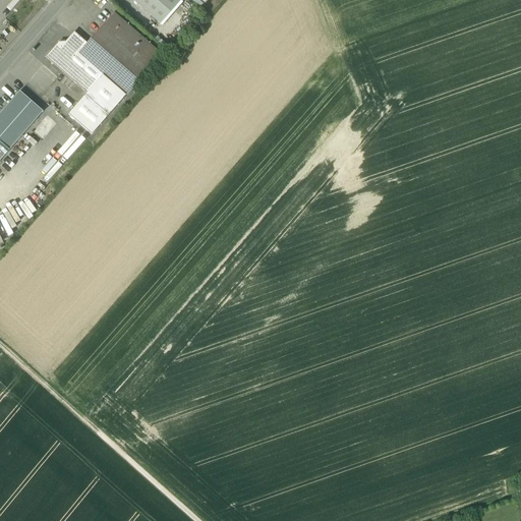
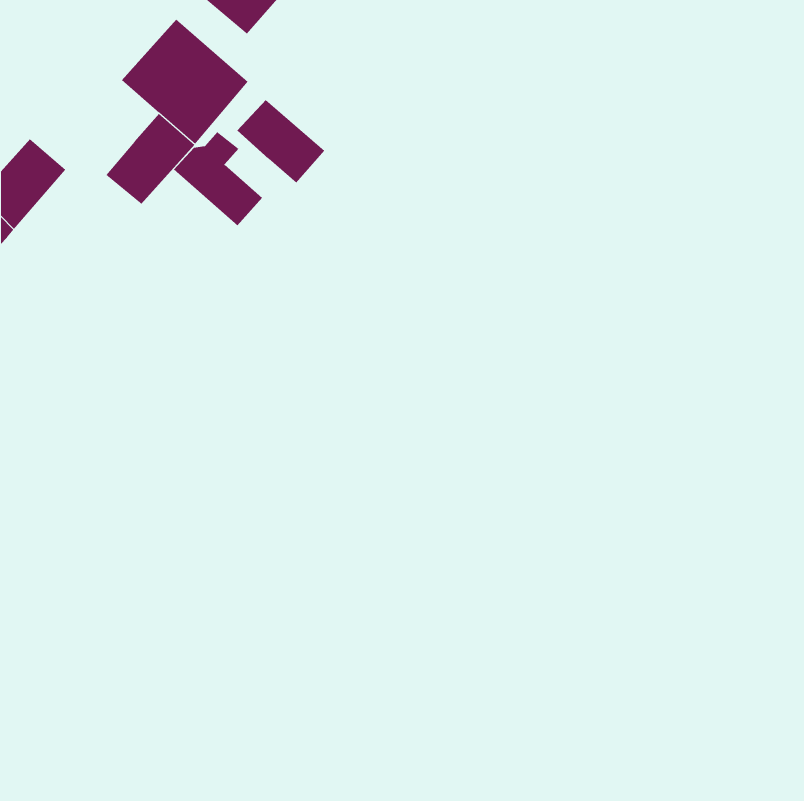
building: [45,31,103,92] -> [173,132,263,226]
building: none -> [236,99,325,183]

